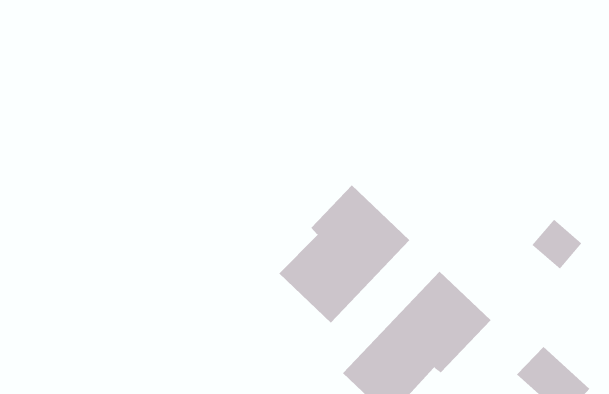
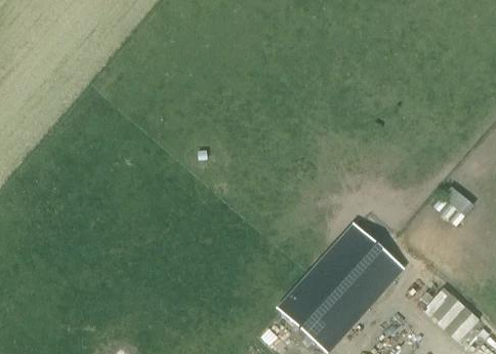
building: [278,184,410,324] -> none

